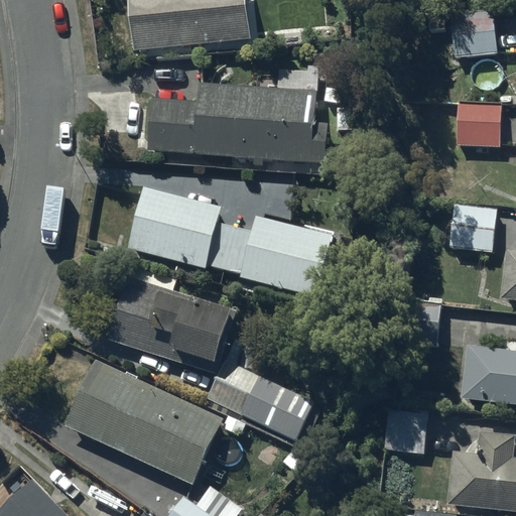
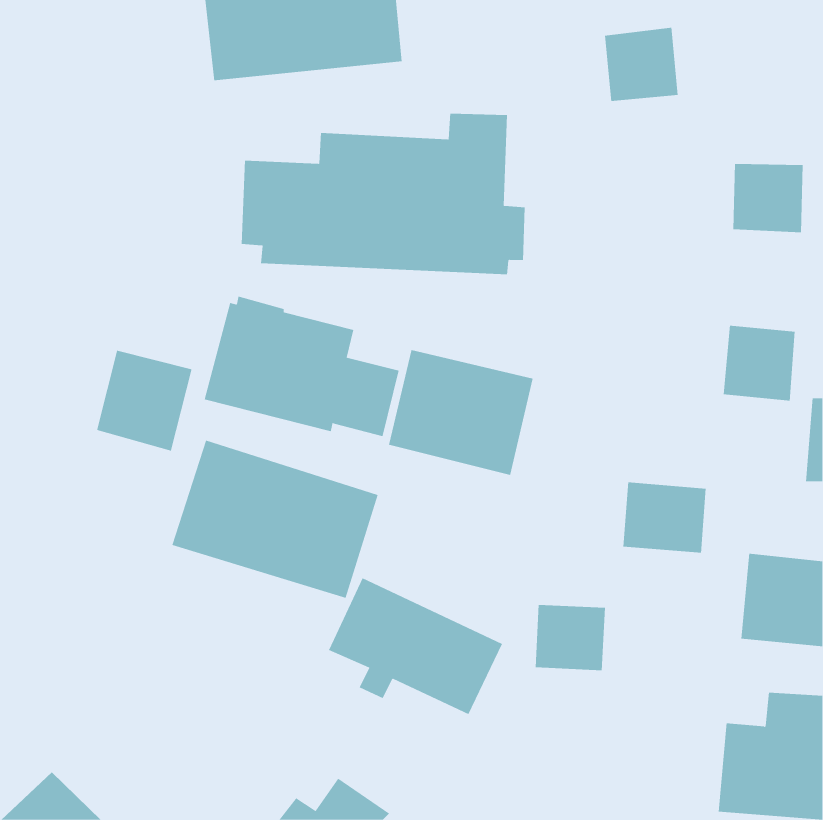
building: [452,9,498,55] -> [604,27,679,102]
building: none -> [97,350,192,452]
building: [67,359,224,482] -> none
building: [384,410,428,452] -> [535,604,606,671]

